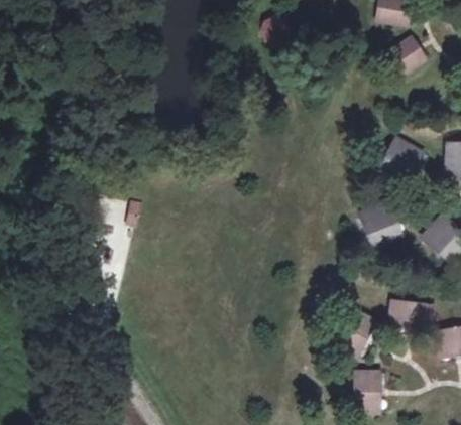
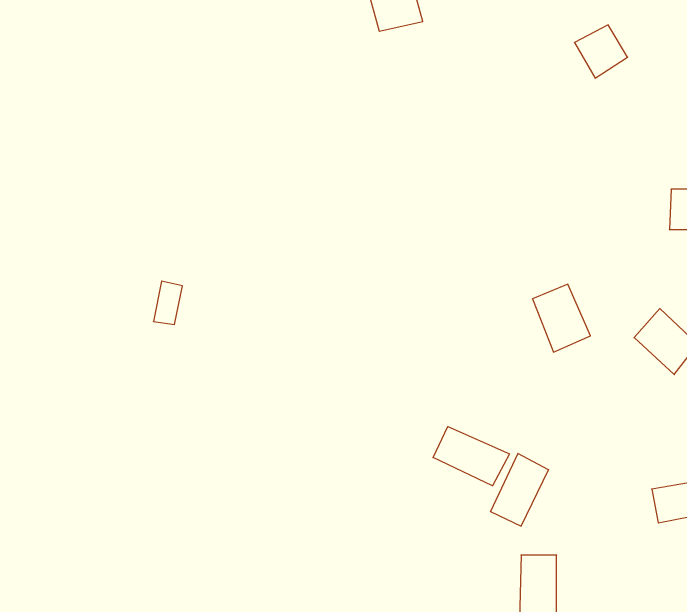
building: [382,138,422,180] -> none
building: none -> [433,427,509,486]
building: [393,299,437,325] -> none

